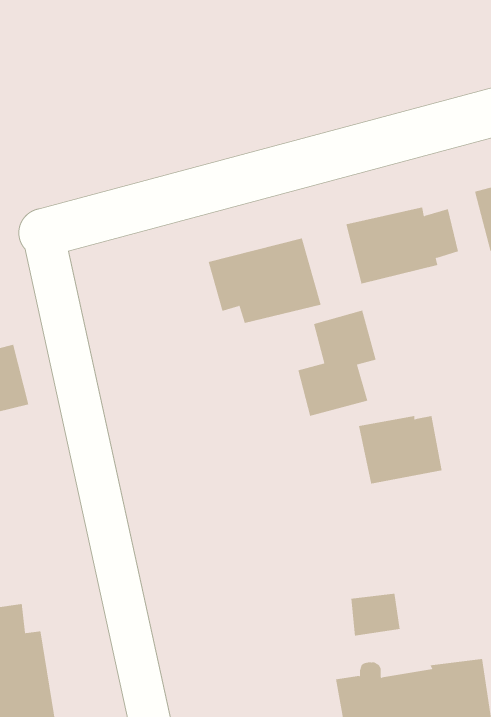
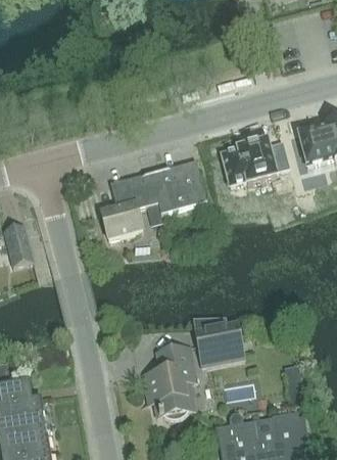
building: [298,310,377,416] -> [100,175,147,238]
building: [358,416,443,484] -> [193,324,243,365]
building: none -> [142,346,196,416]

